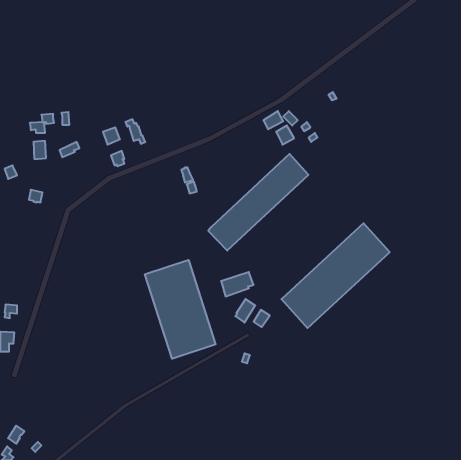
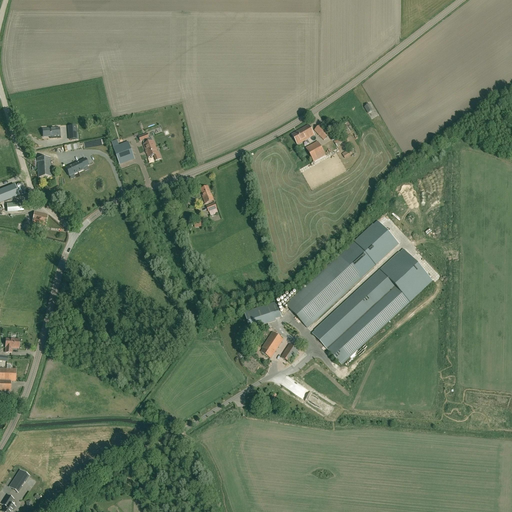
building: [208,154,308,251] -> [287,219,398,326]
building: [145,260,216,359] -> none

